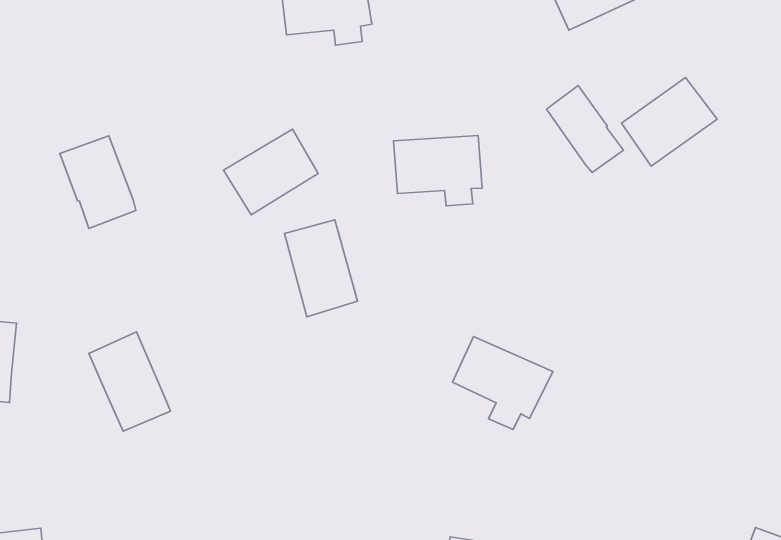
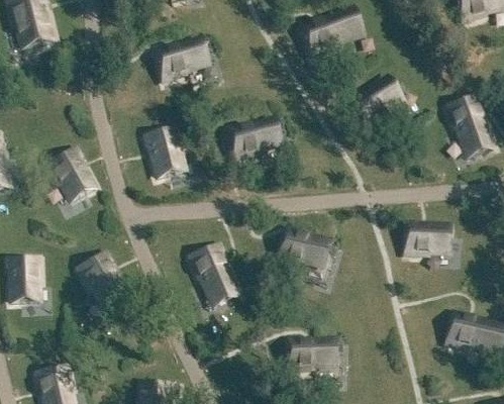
building: [546,86,624,172] -> none
building: [284,220,357,317] -> [191,245,235,300]
building: none -> [405,224,449,255]

